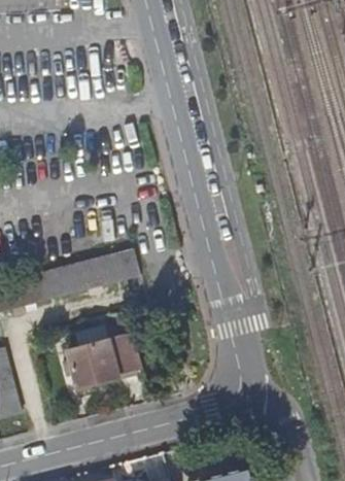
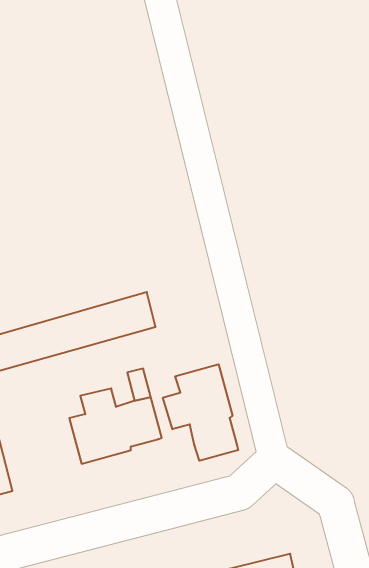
building: none -> [163,364,238,461]

